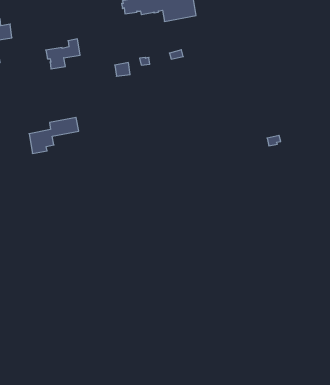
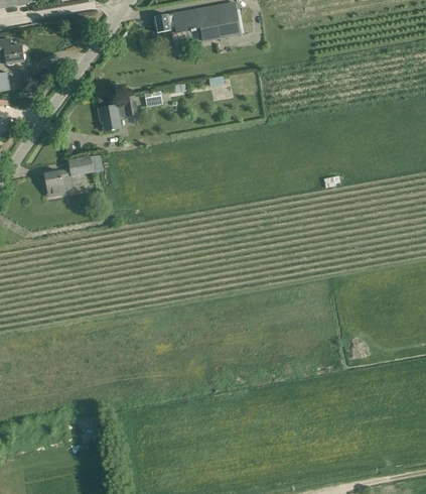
building: [46,39,80,69] -> [98,94,138,129]

